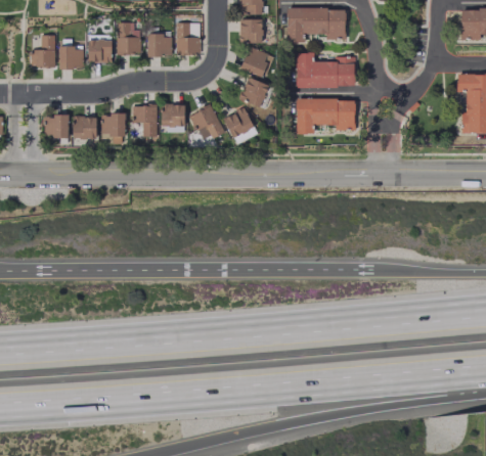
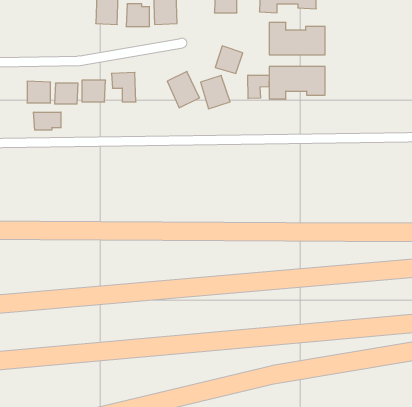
building: [31,35,55,67] -> none
building: [88,35,112,63] -> none
building: [59,46,84,70] -> none
building: [241,47,272,77] -> none
building: [162,104,185,133] -> none
building: none -> [248,75,269,99]
building: none -> [34,112,61,130]

